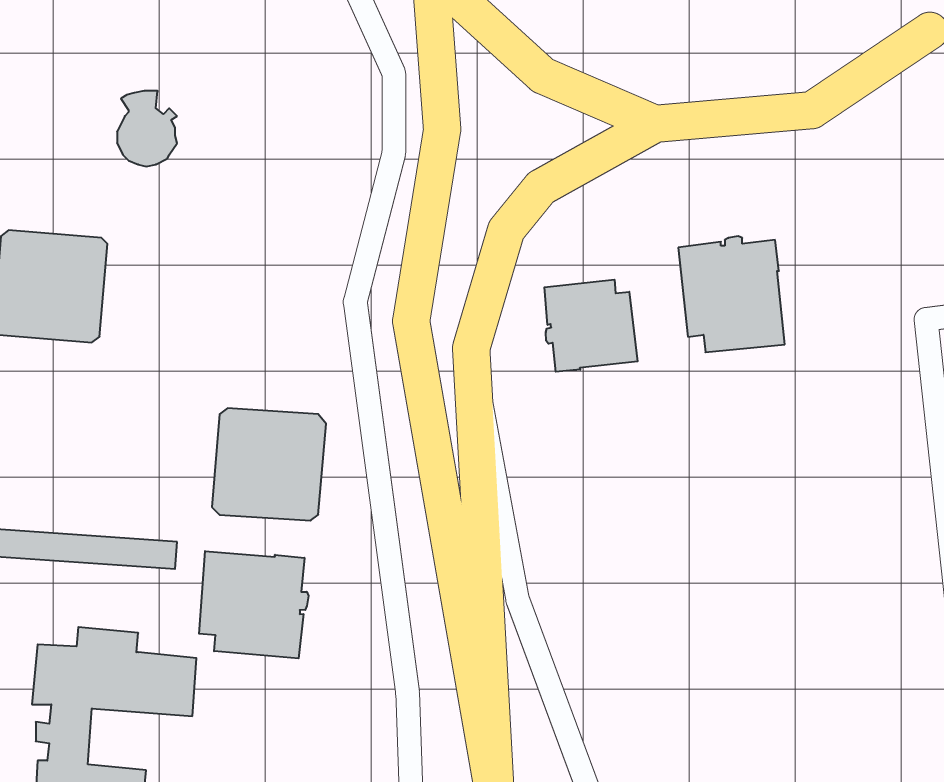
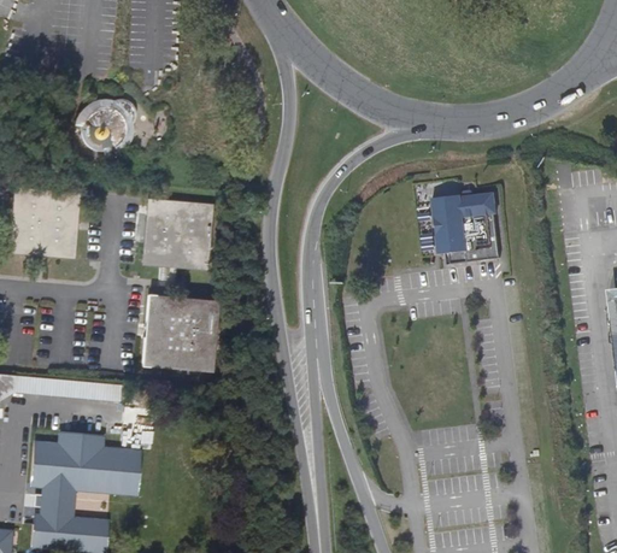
building: none -> [141,200,213,270]
building: [544,280,638,372] -> none
building: [199,551,309,658] -> none

